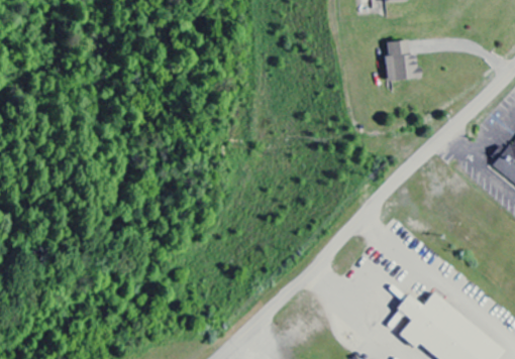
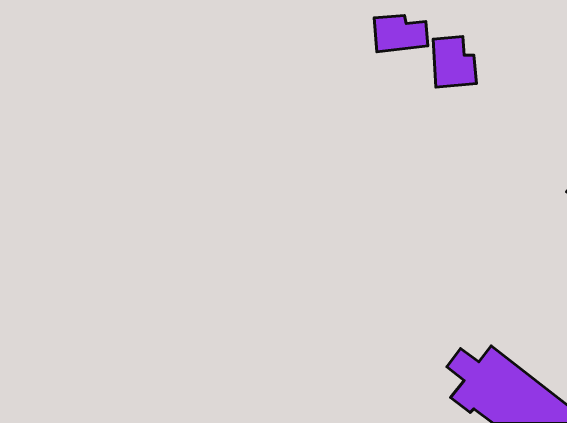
building: none -> [374,15,428,52]

